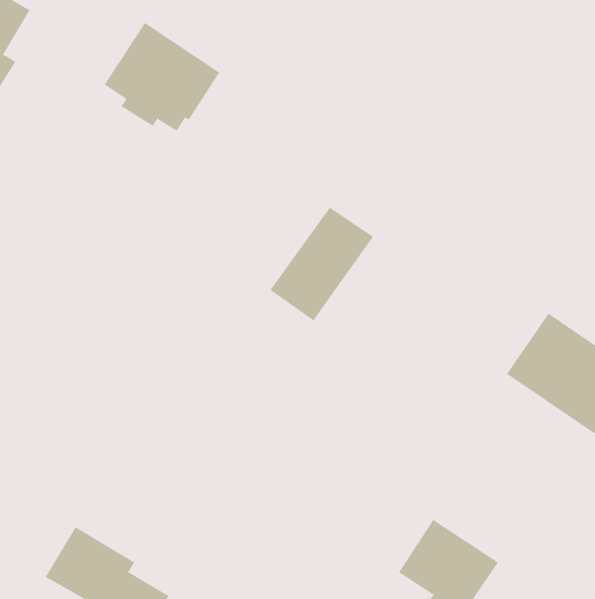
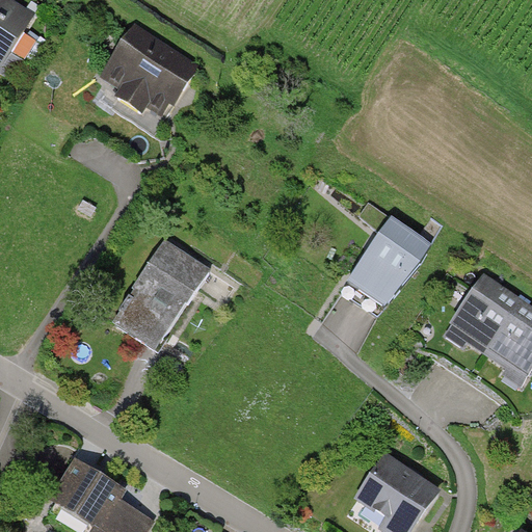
building: [269,207,374,321] -> [339,218,429,317]
building: none -> [111,239,209,349]

